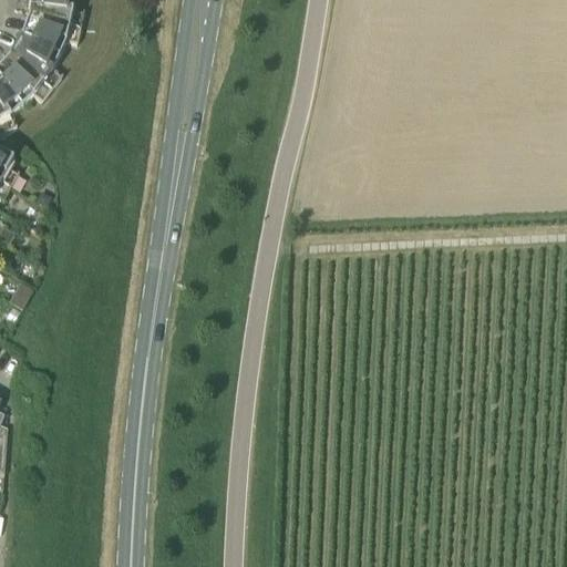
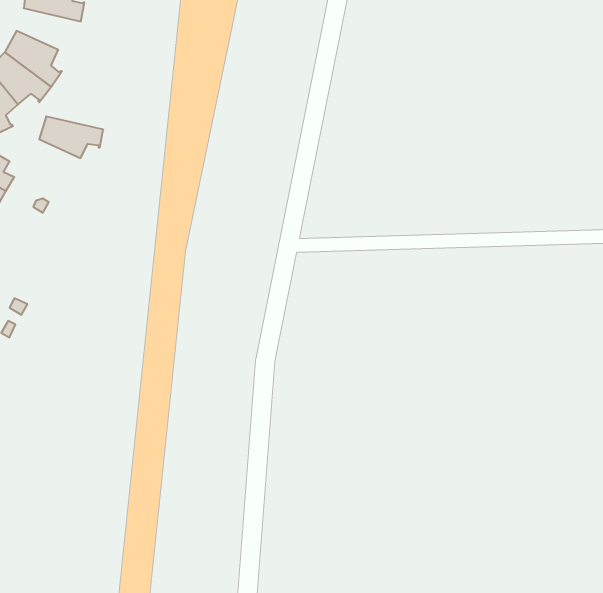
building: [16,8,75,47] -> [39,116,103,158]

